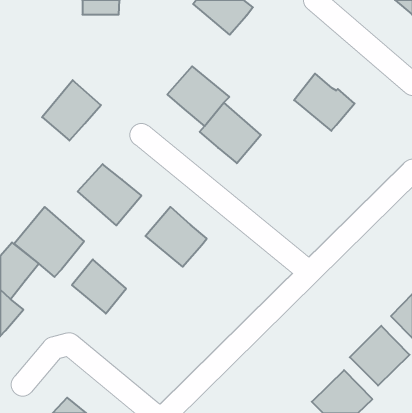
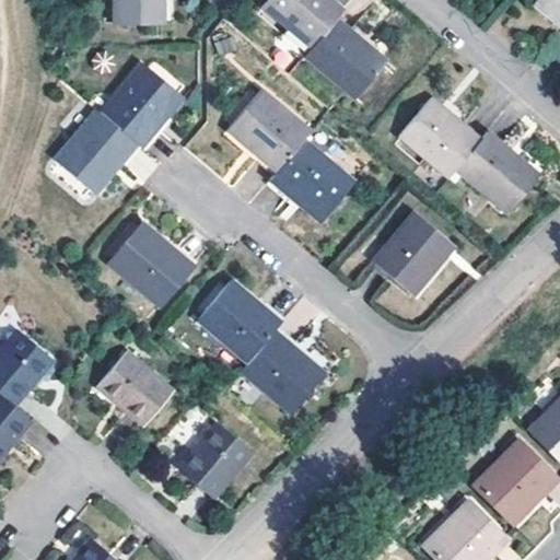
building: none -> [305,21,387,97]
building: none -> [103,62,184,145]
building: none -> [456,133,538,212]
building: none -> [372,211,454,294]
building: [14,207,84,277] -> none
building: none -> [242,331,324,411]
building: none -> [179,422,252,497]

